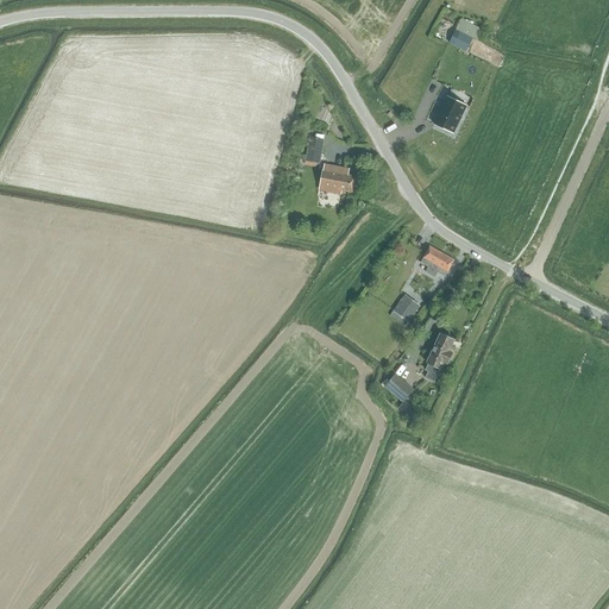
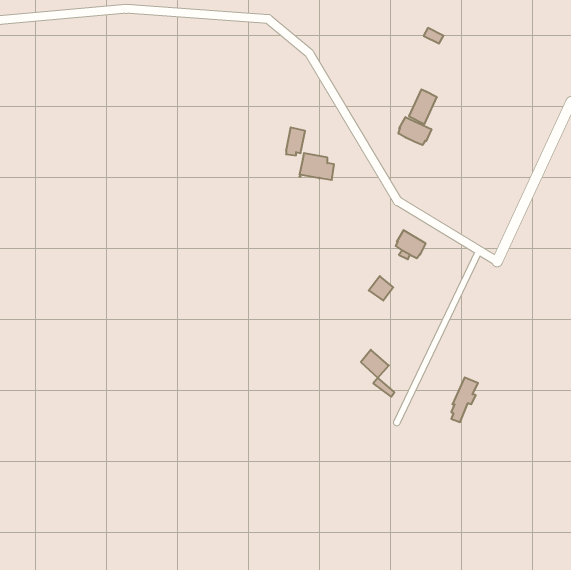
building: none -> [398,117,431,145]
building: [425,333,453,381] -> [451,377,478,422]

